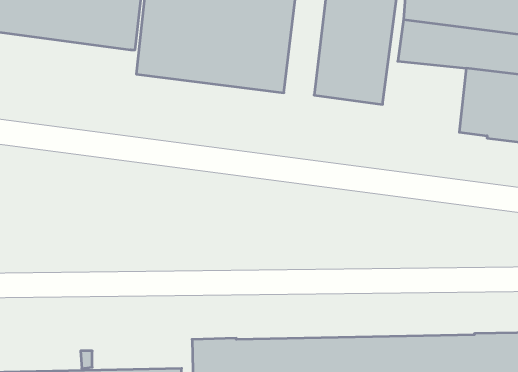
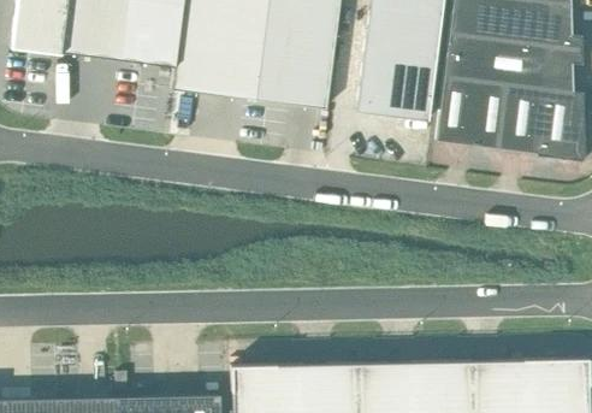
building: none -> [437,77,516,151]

